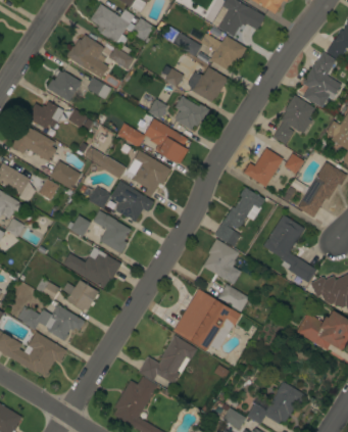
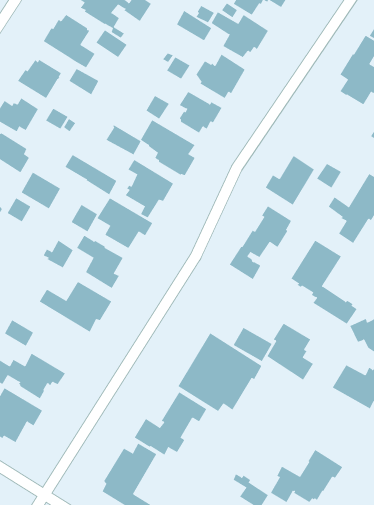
building: [272,95,314,144] -> none
building: [203,239,241,285] -> [266,323,314,381]
building: [62,279,99,310] -> none

